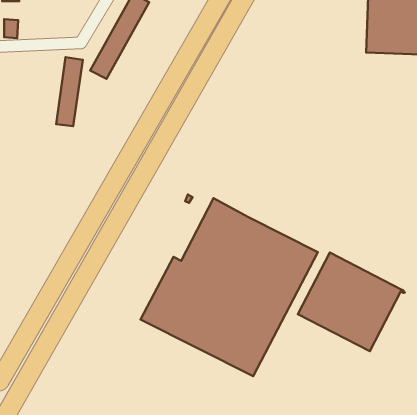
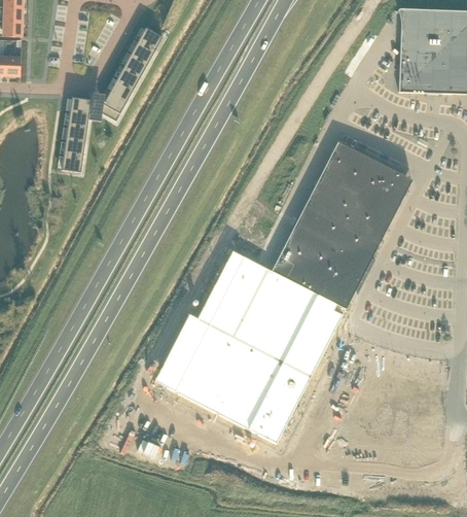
building: none -> [271,141,411,308]
building: [298,253,405,351] -> none

